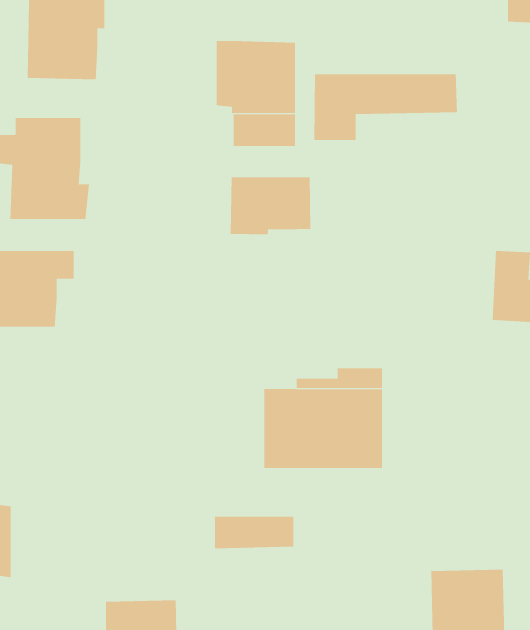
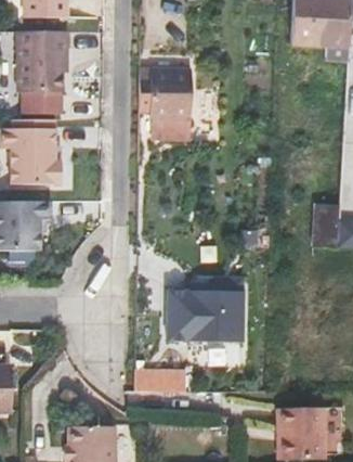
building: [314,73,457,141] -> none
building: [230,176,311,235] -> none

